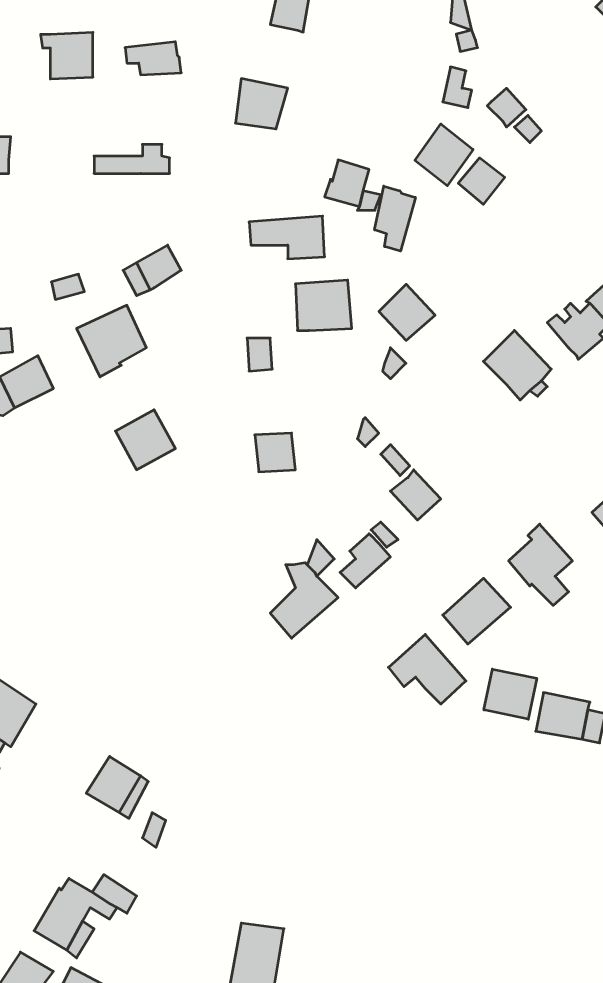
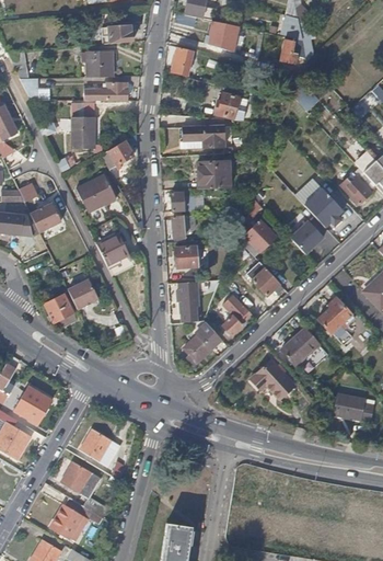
building: [41,32,93,79] -> [83,50,113,77]
building: none -> [207,21,243,53]
building: [415,124,473,186] -> none
building: [375,186,415,251] -> none
building: none -> [76,116,98,146]
building: [379,284,435,340] -> [245,219,277,251]
building: none -> [173,215,194,241]
building: none -> [290,220,323,253]
building: none -> [69,280,98,310]
building: none -> [178,280,199,321]
building: none -> [44,294,77,327]
building: [484,669,537,719] -> none
building: none -> [62,460,92,493]

